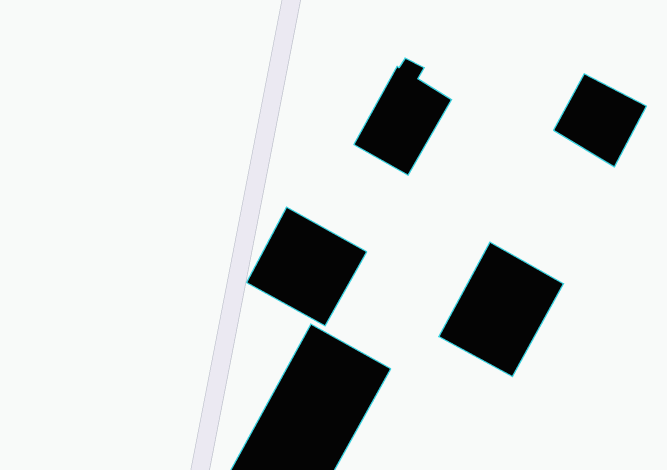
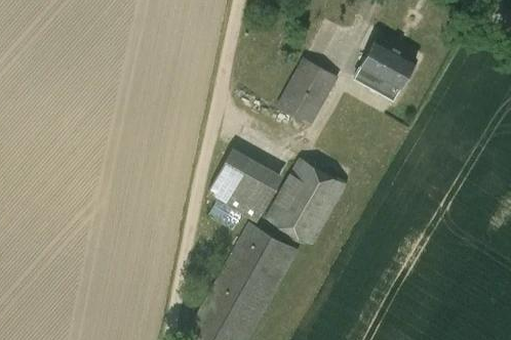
building: [554,74,646,167] -> [355,40,415,99]
building: [439,242,564,377] -> [266,159,346,245]

